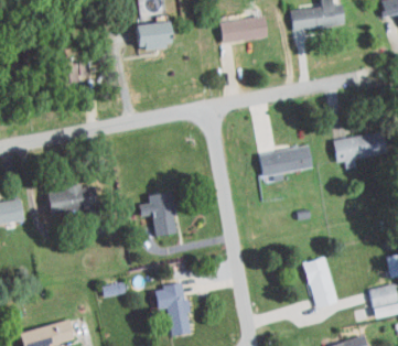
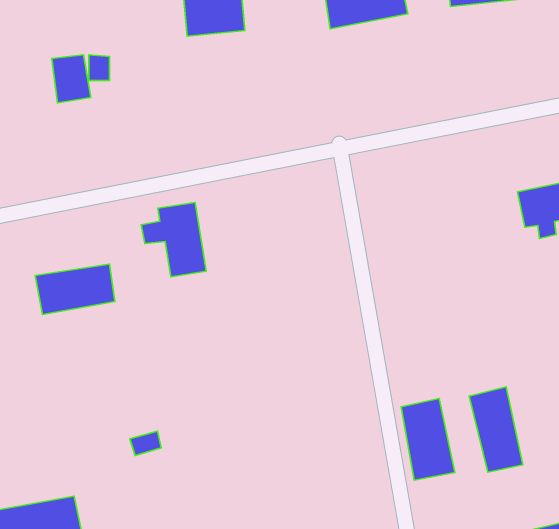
building: [259,144,313,176] -> none
building: [138,192,176,236] -> [141,203,206,277]
building: none -> [401,399,455,480]
building: [165,282,191,335] -> none

